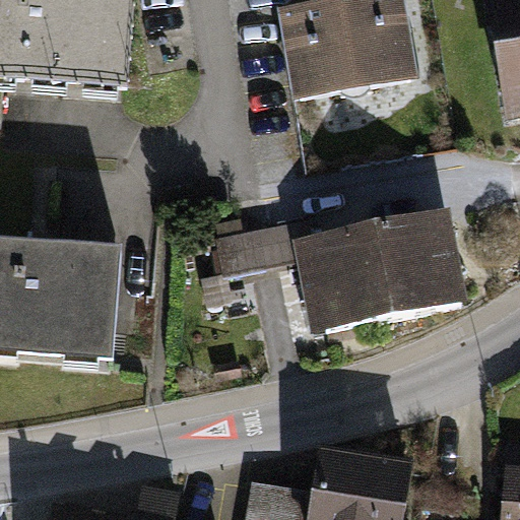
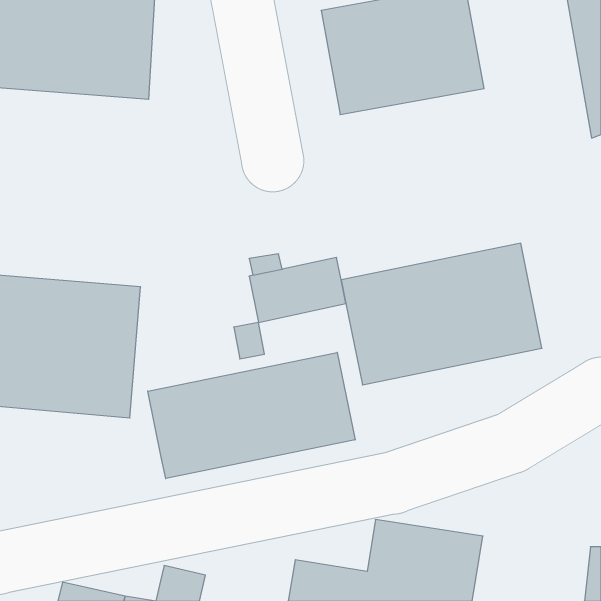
building: none -> [148,352,355,479]

